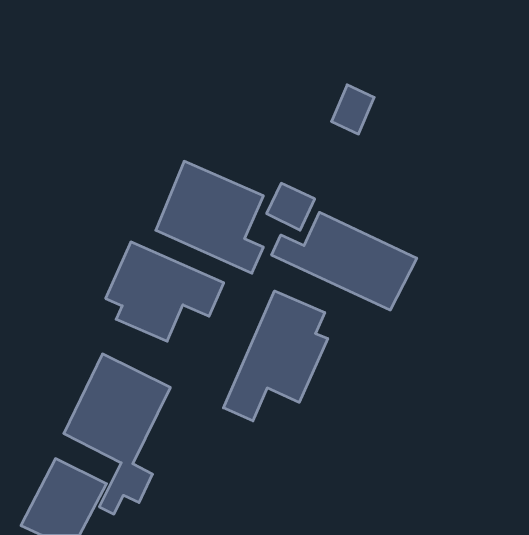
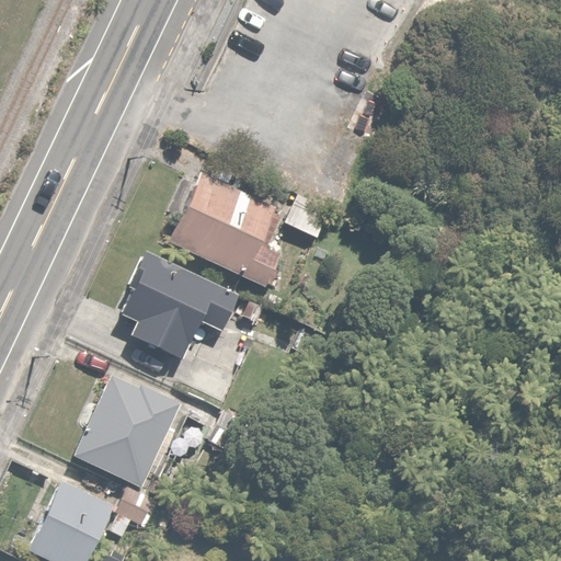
building: [272,212,417,310] -> none
building: [223,291,328,421] -> none

